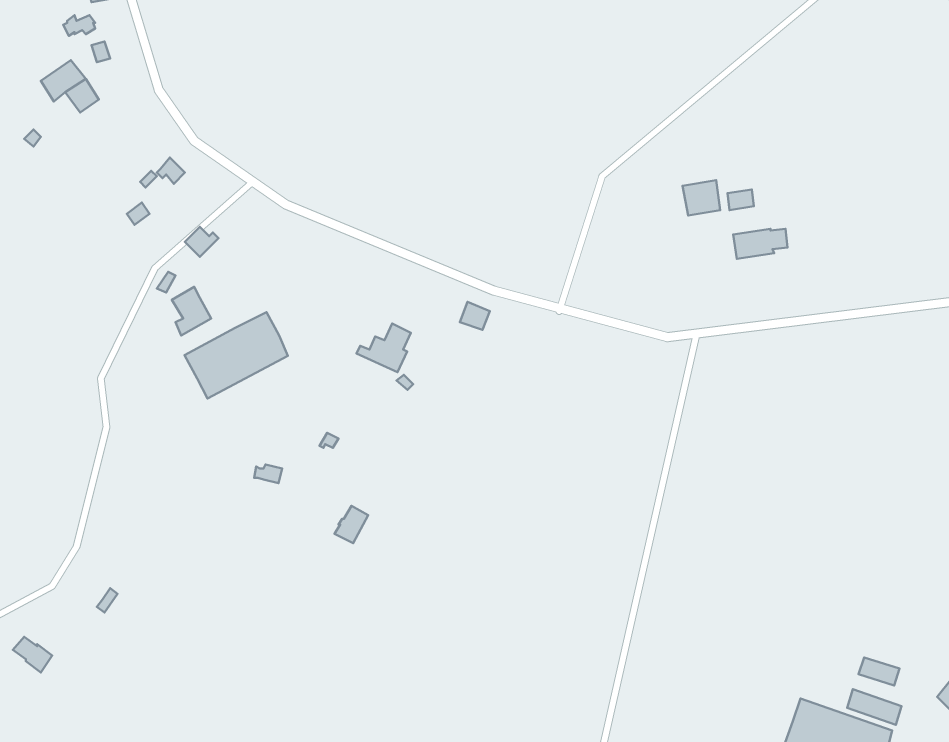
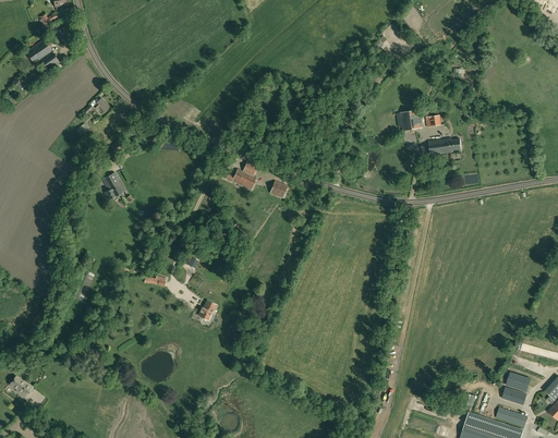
building: [184,312,288,398] -> none
building: [357,323,411,372] -> [227,160,258,188]

